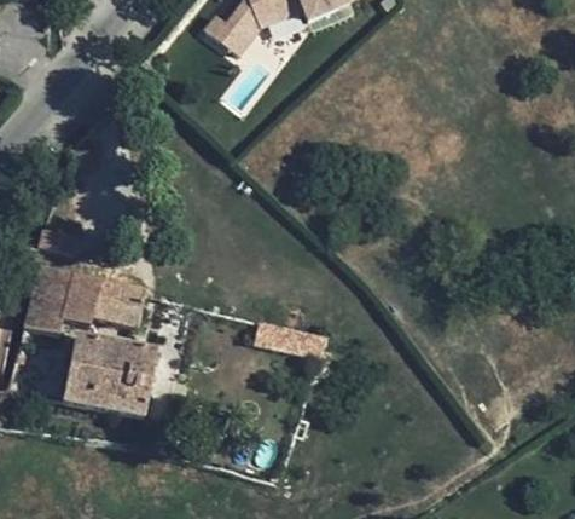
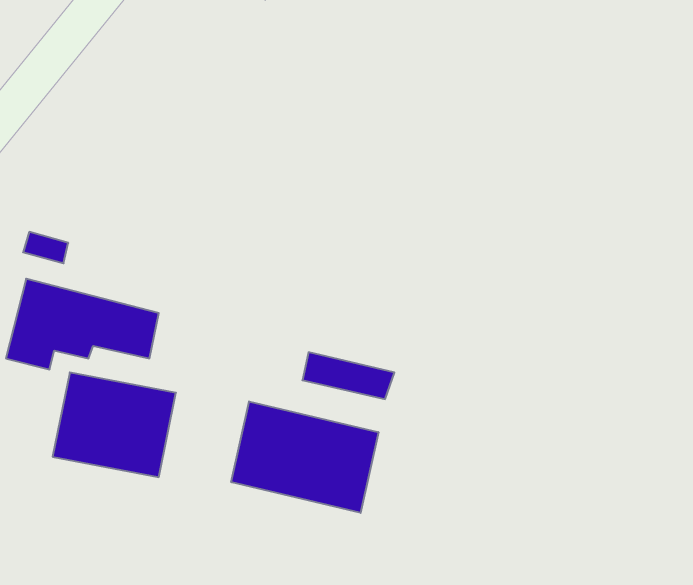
building: none -> [231,401,378,513]

